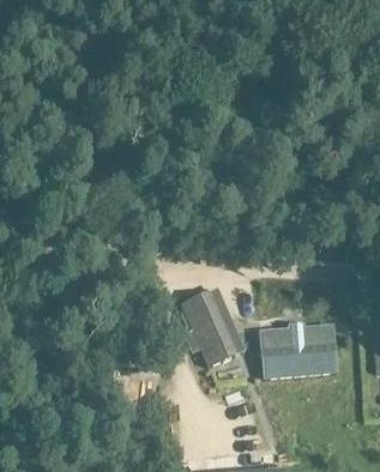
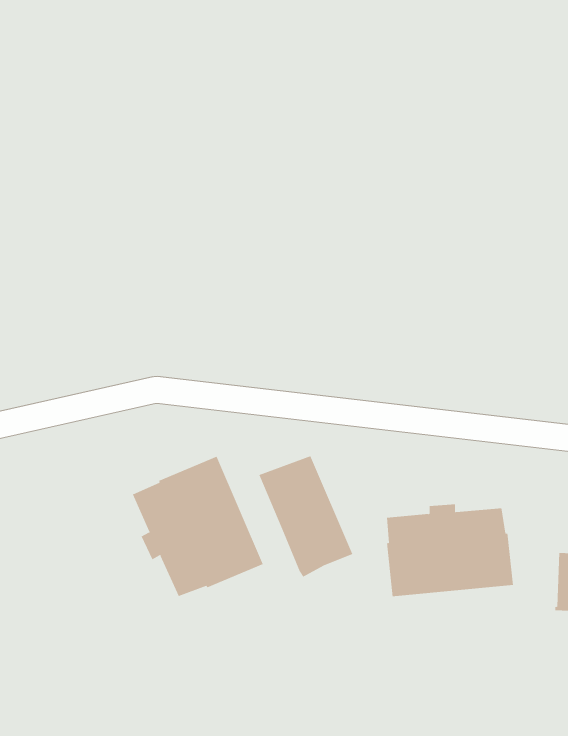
building: none -> [132,456,264,597]

